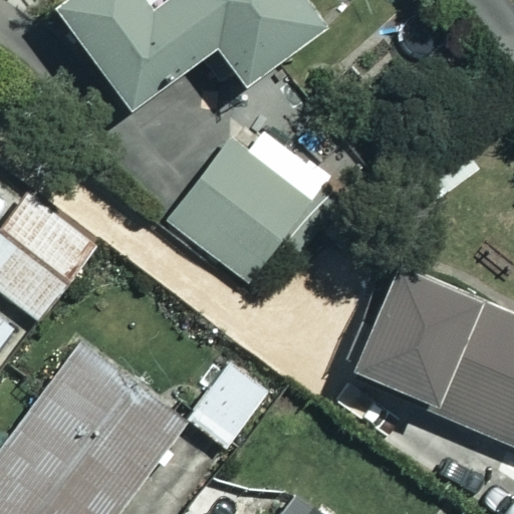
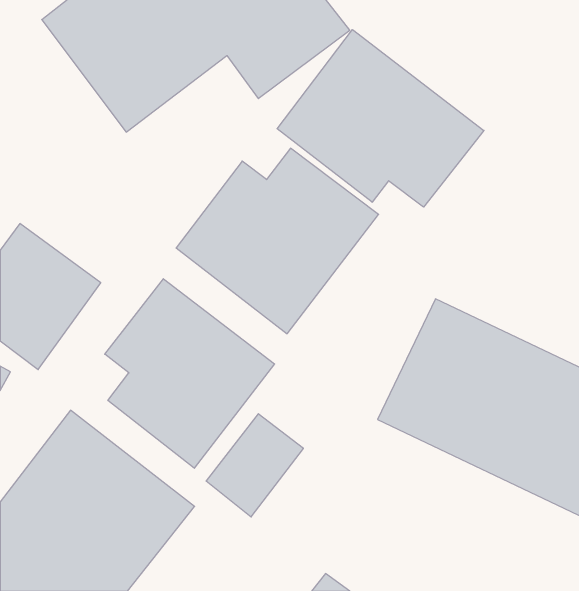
building: none -> [277,30,484,207]
building: none -> [105,279,275,468]

